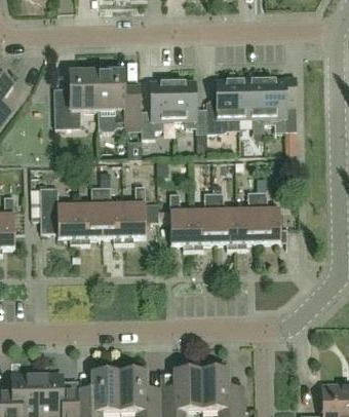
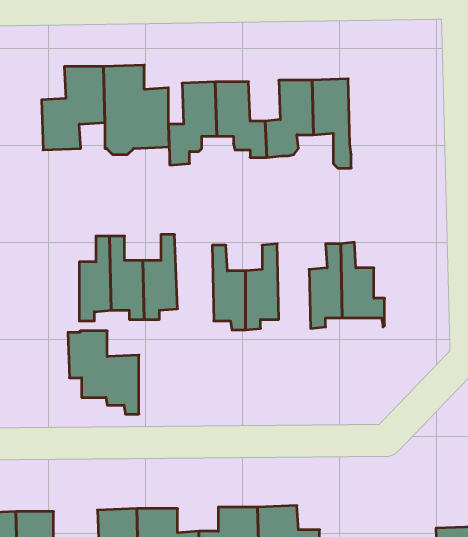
building: [263,78,298,154] -> none
building: [32,187,80,243] -> [68,331,139,414]
building: [215,191,237,249] -> none

